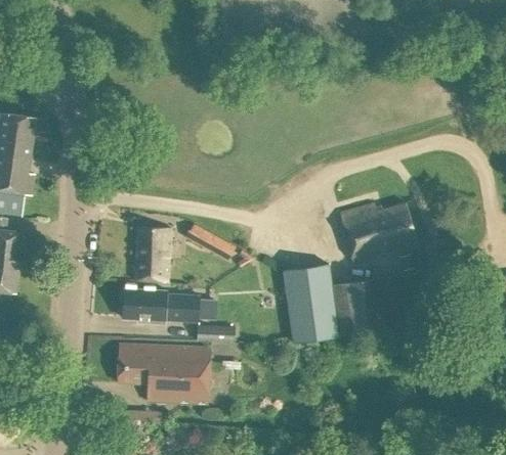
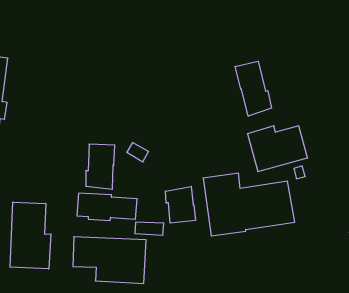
building: none -> [235,61,272,116]
building: none -> [165,186,195,223]
building: none -> [10,202,51,269]

